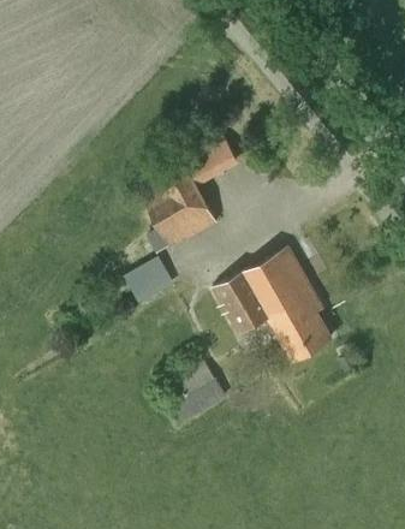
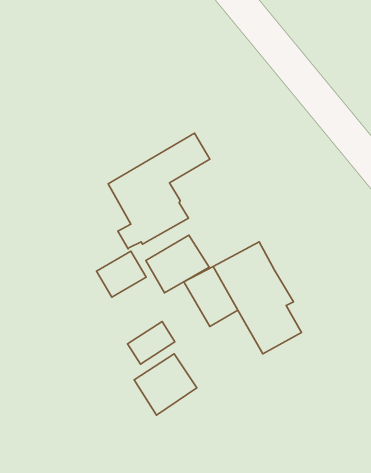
building: none -> [146,235,209,293]
building: none -> [127,322,175,364]

